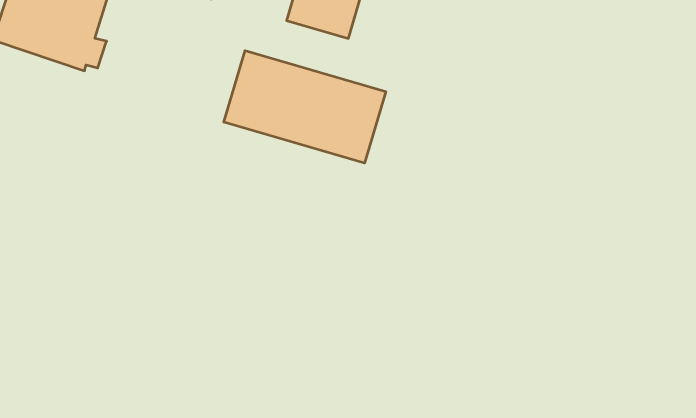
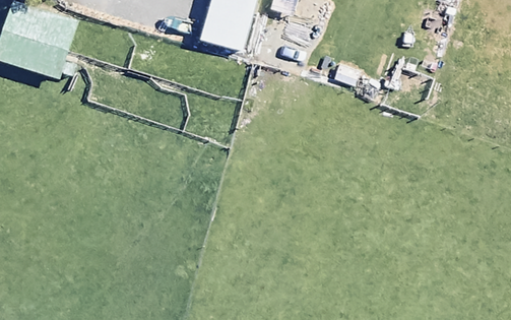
building: [224,51,386,163] -> none

